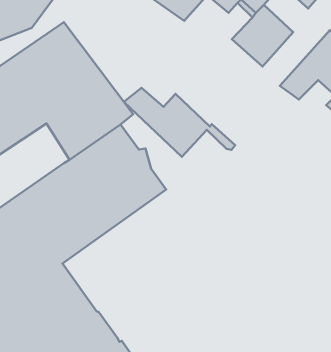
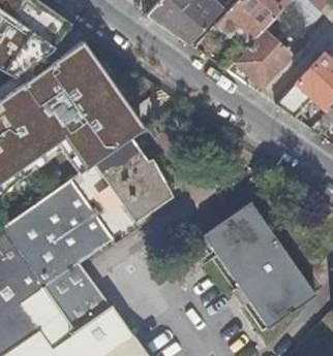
building: [124,88,235,157] -> none
building: none -> [204,202,317,330]

